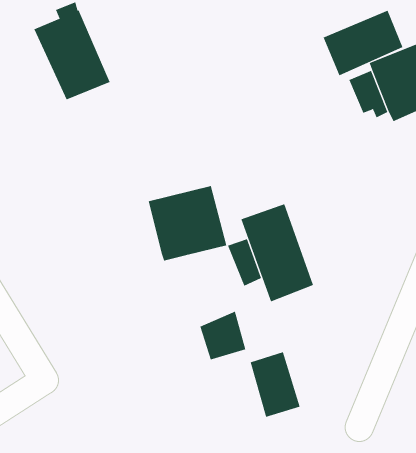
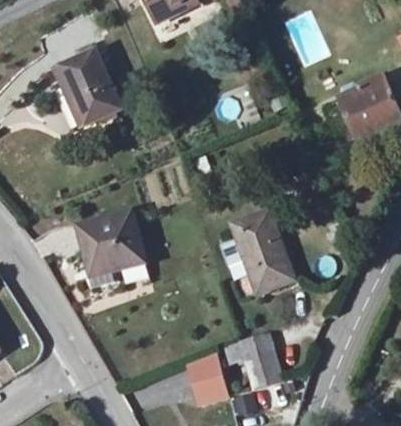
building: [323,10,403,76] -> none
building: [148,185,227,261] -> [79,212,145,275]
building: [199,311,246,360] -> [187,351,226,392]

